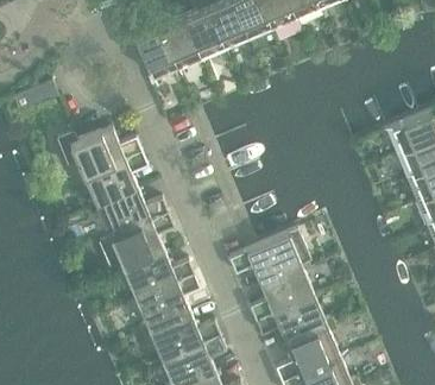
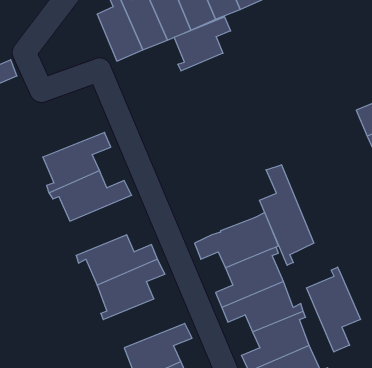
building: none -> [174,17,231,71]
building: [56,124,141,172] -> none
building: none -> [260,165,314,265]
building: [99,209,174,269] -> none
building: none -> [306,267,360,352]
building: [140,309,219,356] -> none

